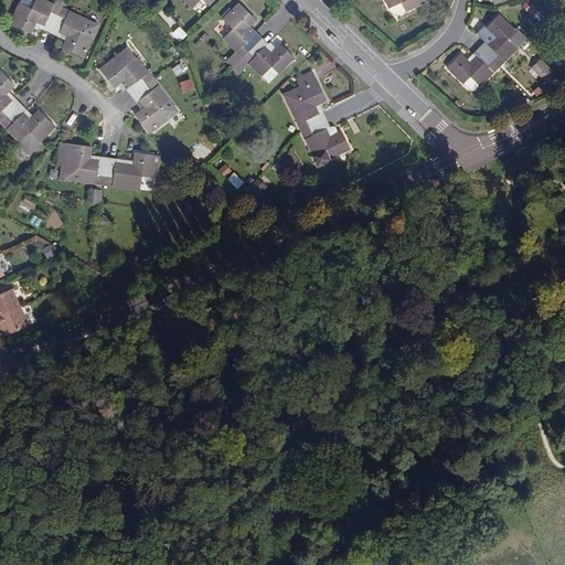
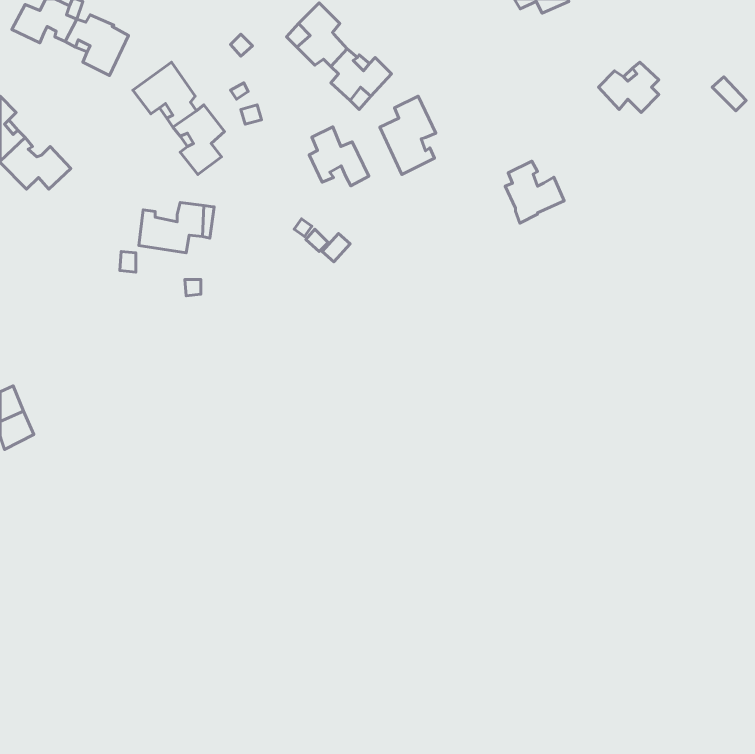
building: [478,14,516,60] -> none
building: none -> [309,127,369,186]
building: [305,118,349,164] -> [505,161,564,223]
building: [58,141,107,183] -> none

